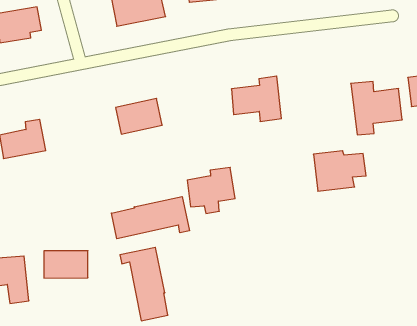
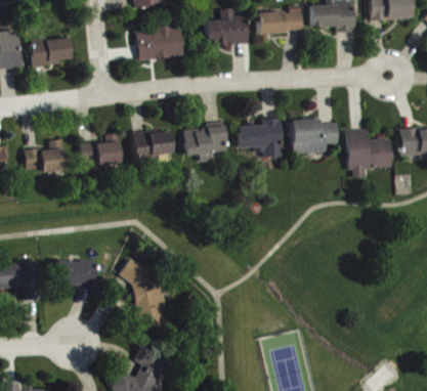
building: none -> [79,133,121,165]
building: [313,151,366,191] -> [292,119,338,154]
building: [187,167,235,213] -> [184,122,226,162]
building: [111,197,189,239] -> none

